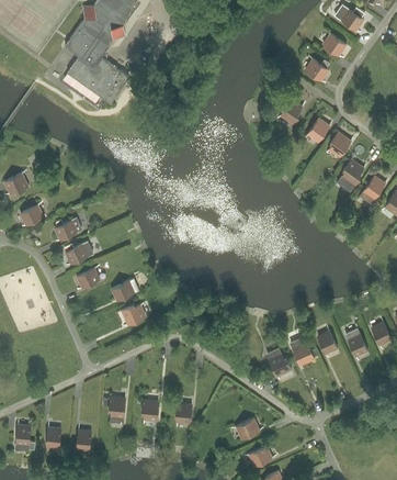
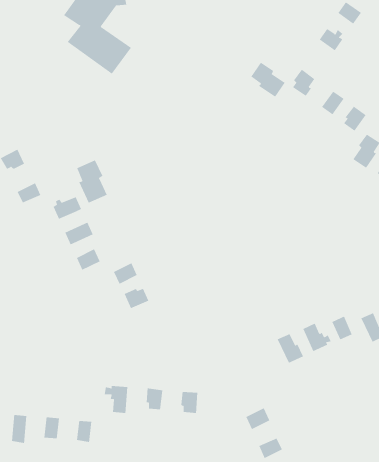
building: none -> [250,62,285,97]
building: none -> [76,160,107,203]

